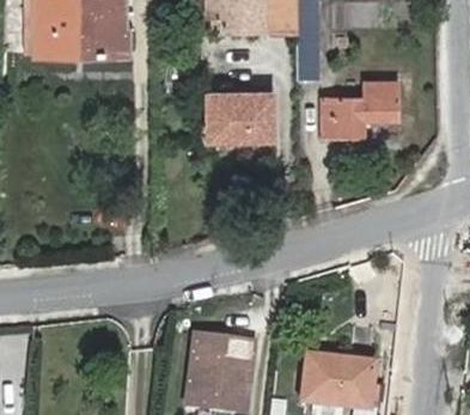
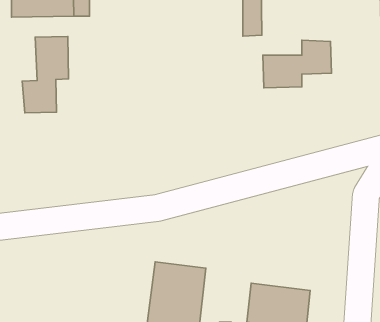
building: none -> [22,37,69,113]
building: [207,94,269,136] -> none

